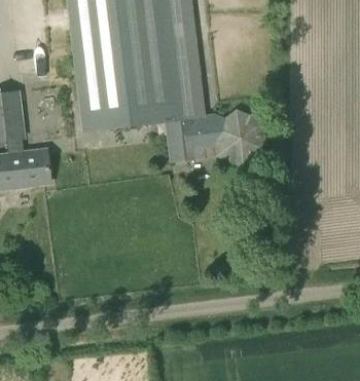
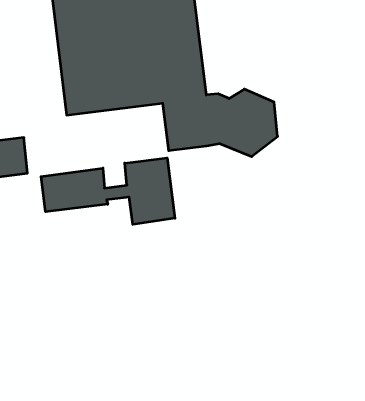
building: none -> [41,158,175,224]

